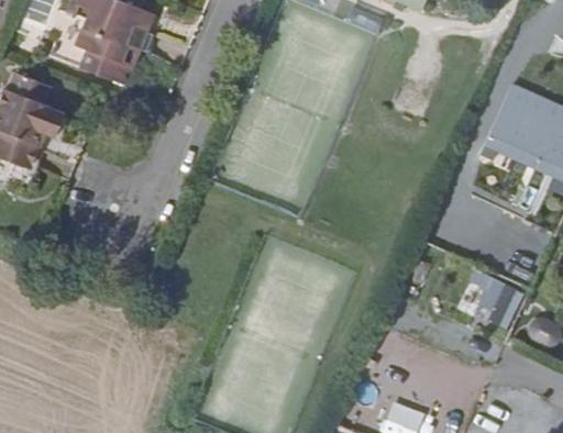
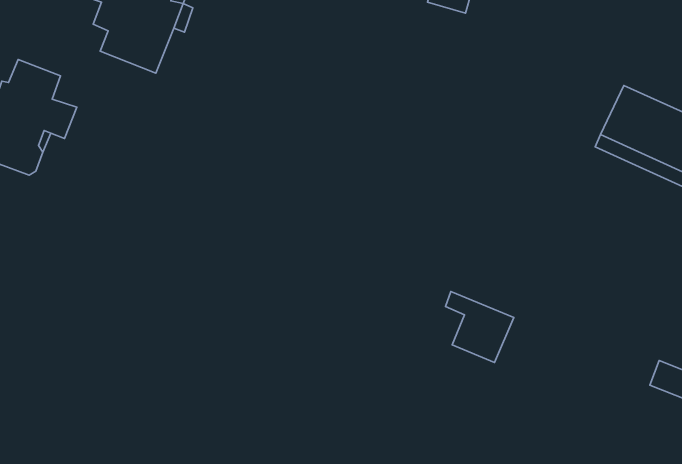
building: [470,270,525,327] -> [445,292,514,362]

